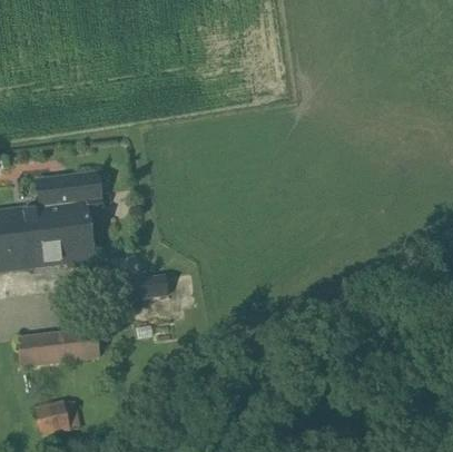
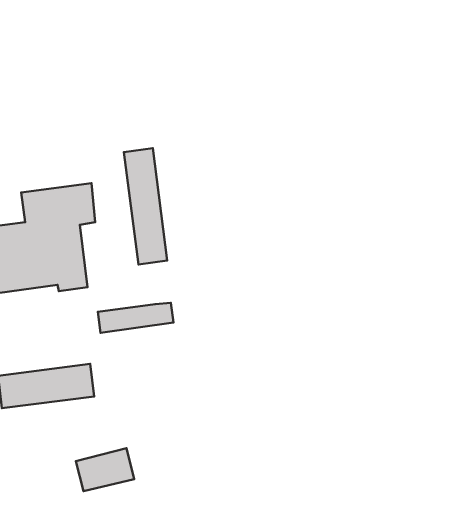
building: none -> [124,148,167,264]
building: [31,397,81,434] -> [76,448,134,491]

